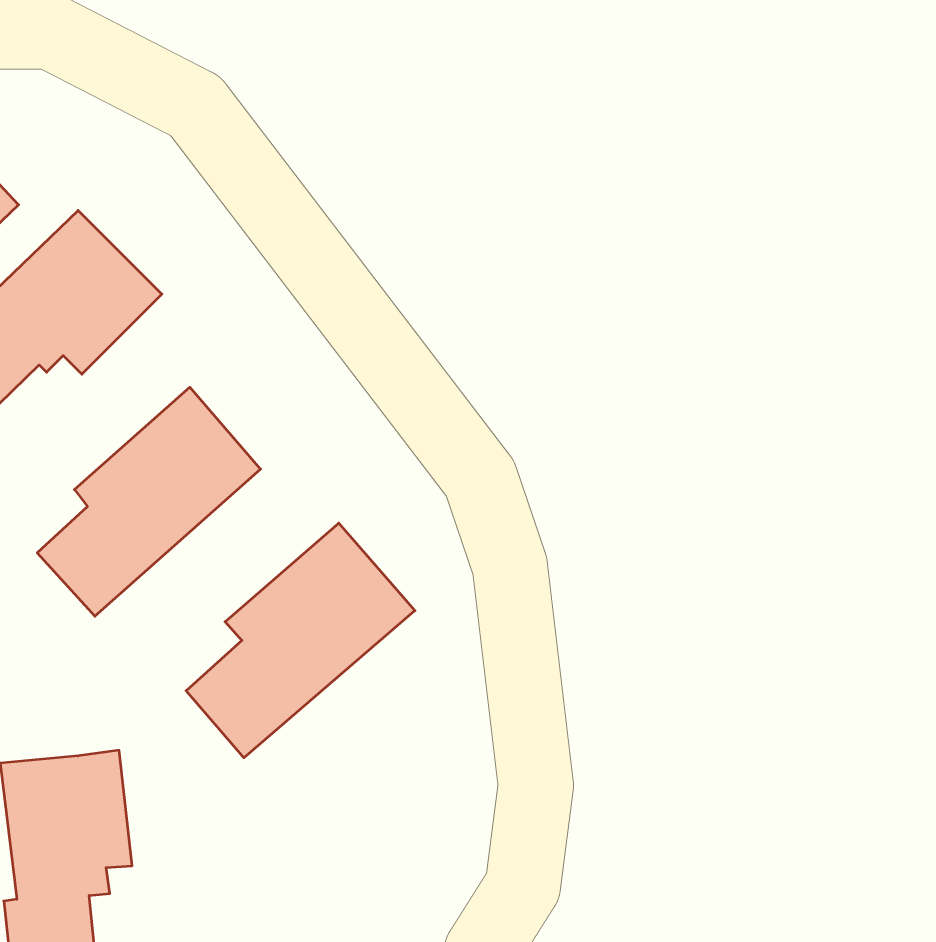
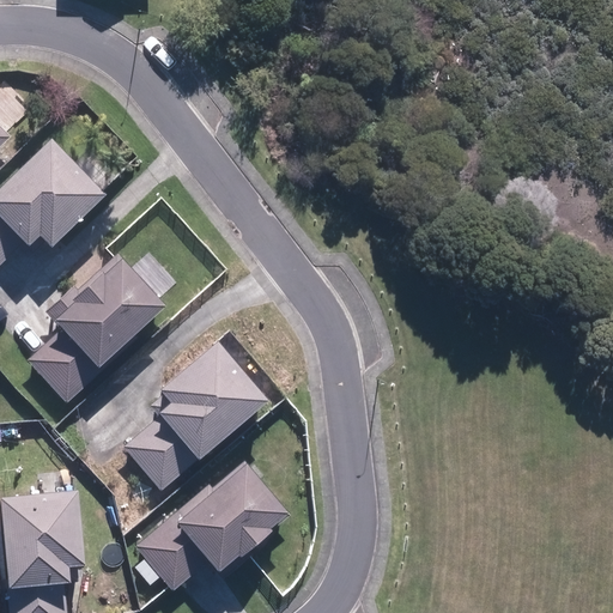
building: none -> [129,461,287,593]

